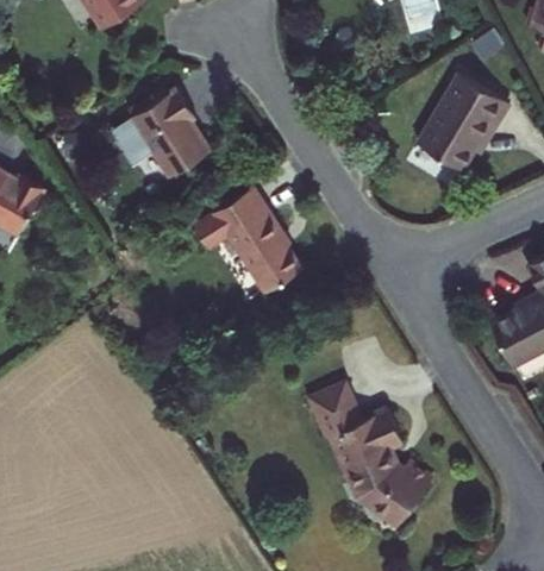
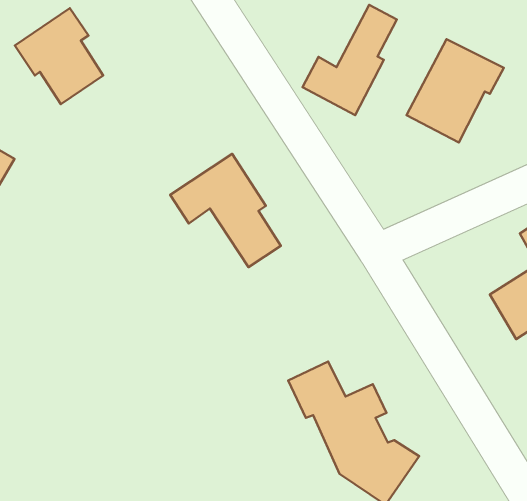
building: none -> [303,5,397,115]
building: [121,90,206,182] -> [15,8,103,104]

